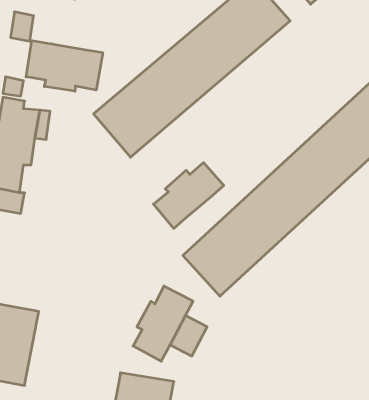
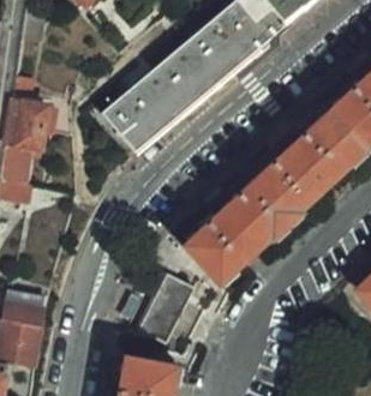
building: [26,41,103,91] -> none
building: [153,163,224,228] -> none

